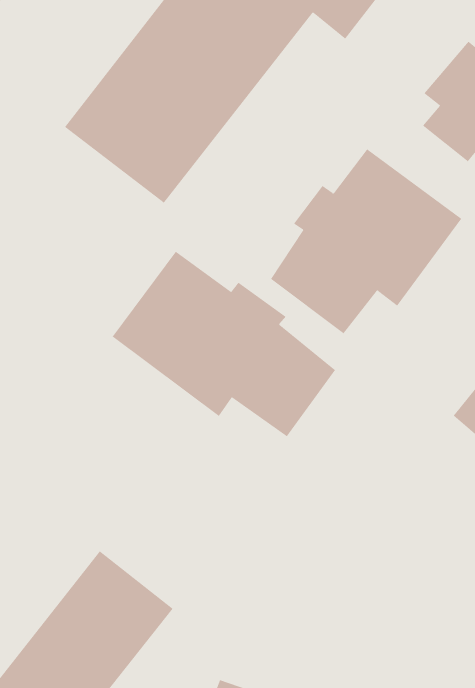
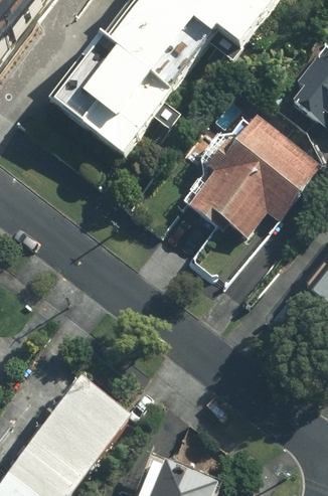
building: [112,251,336,437] -> none

